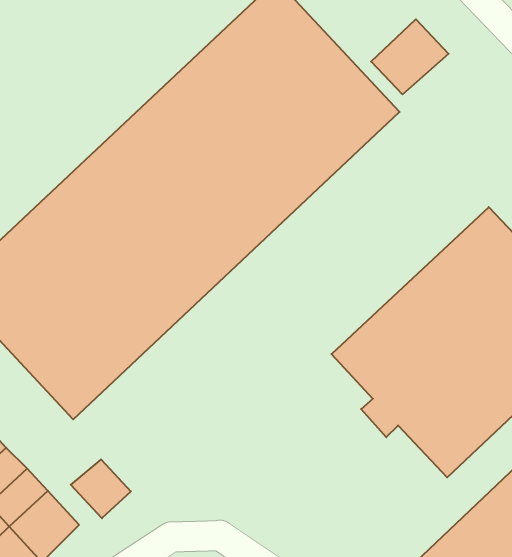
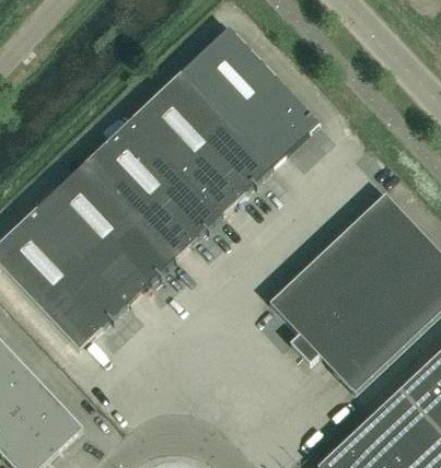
building: [371,19,449,94] -> none
building: [71,459,131,518] -> none

